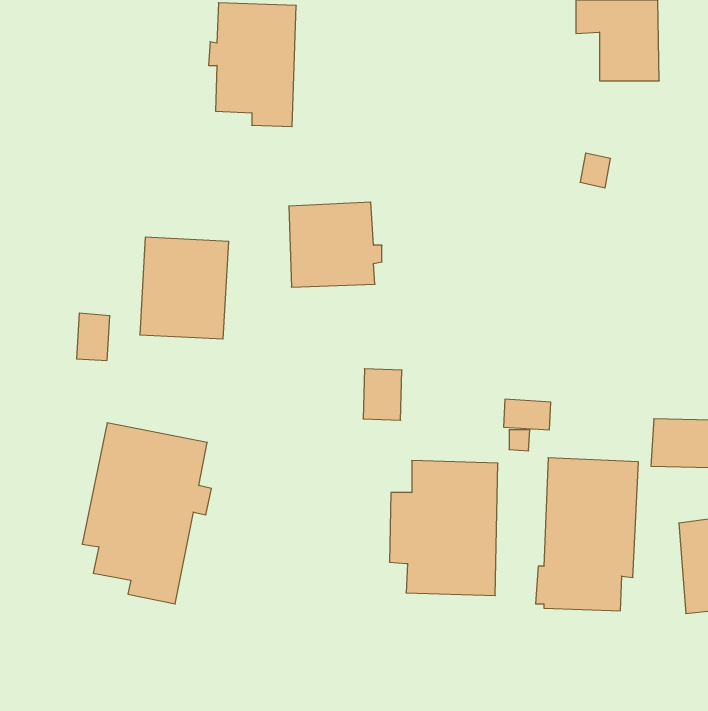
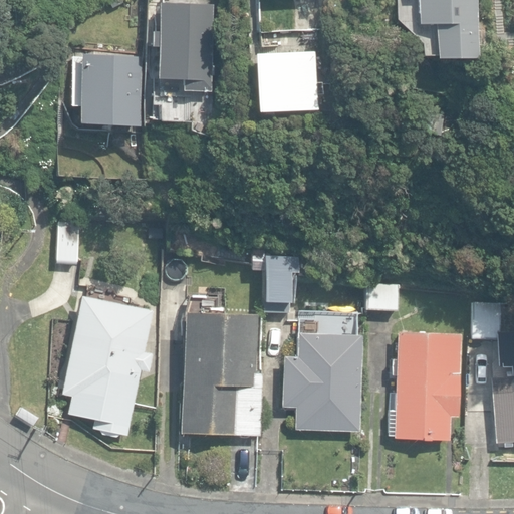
building: [289,202,382,287] -> [256,50,323,111]
building: [140,237,229,339] -> [80,54,145,127]
building: none -> [181,310,262,435]

